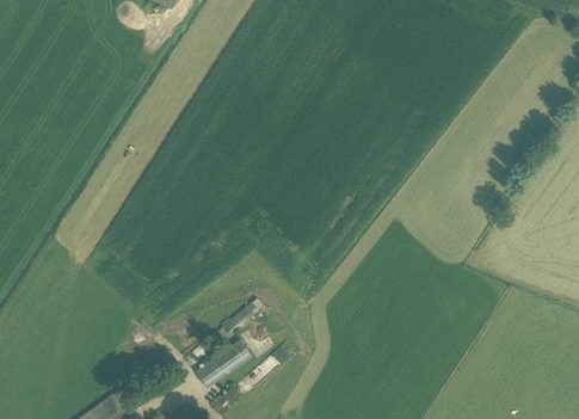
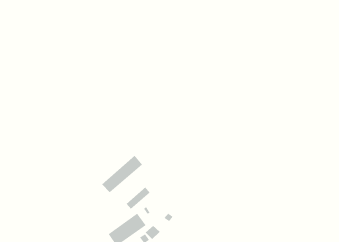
building: none -> [101,155,143,193]

